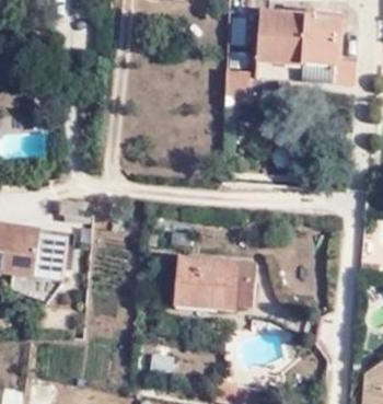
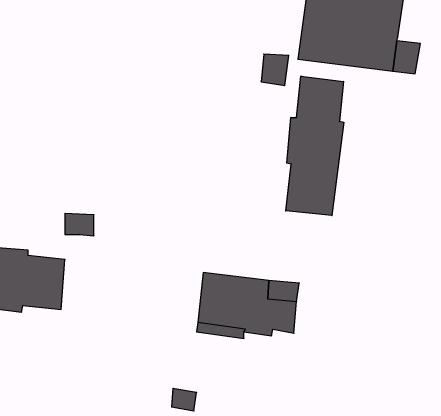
building: none -> [286,76,344,216]

